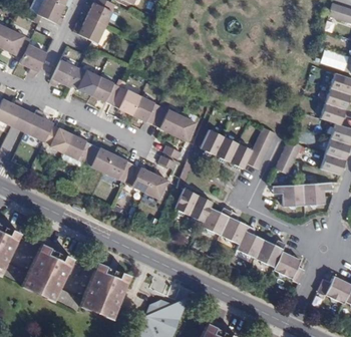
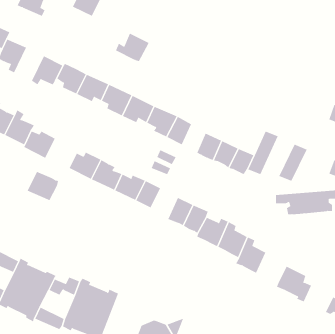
building: [74,16,105,42] -> [115,33,149,62]
building: [63,135,92,162] -> [27,171,59,201]
building: [254,239,284,267] -> none

